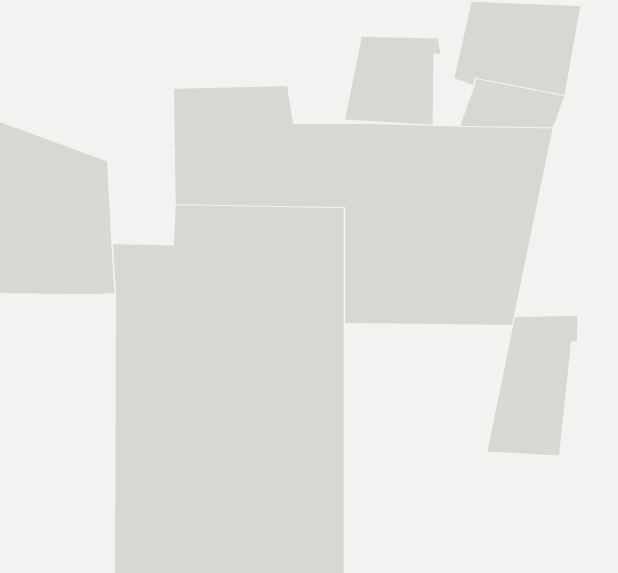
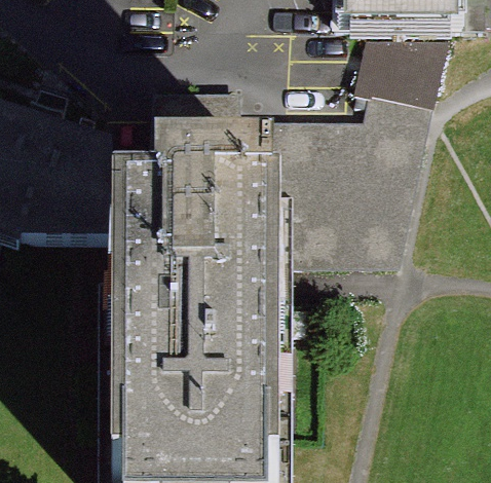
building: [345,36,441,126] -> none
building: [487,315,578,456] -> none

